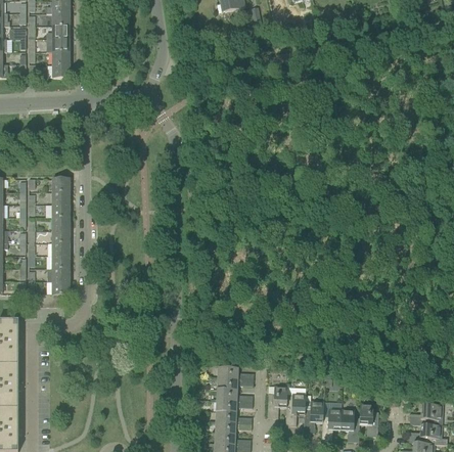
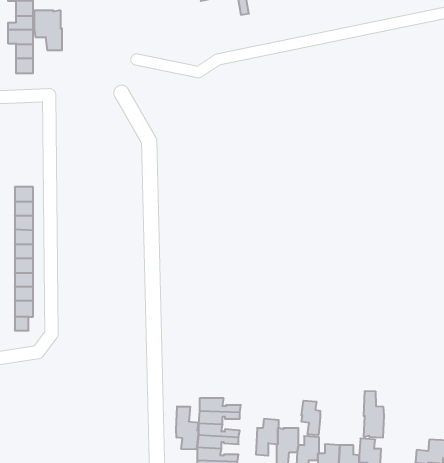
building: none -> [34,10,62,50]
building: none -> [364,391,384,438]
building: none -> [301,401,320,435]
building: none -> [176,406,198,449]

